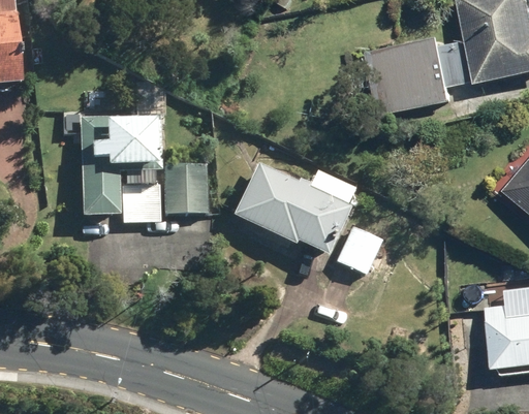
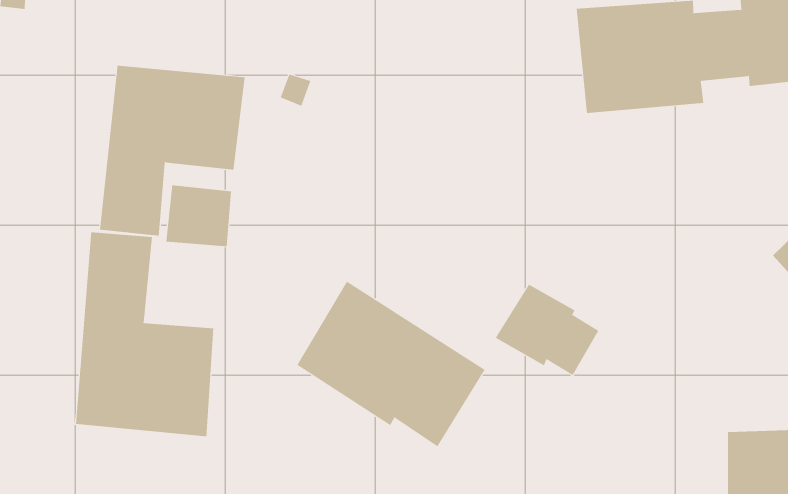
building: [163,161,207,213] -> none
building: [230,161,349,259] -> [297,281,485,447]
building: none -> [76,232,214,437]

